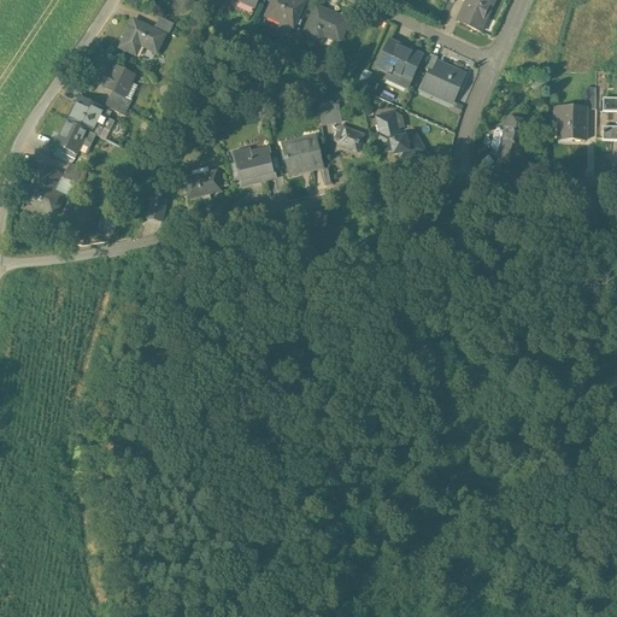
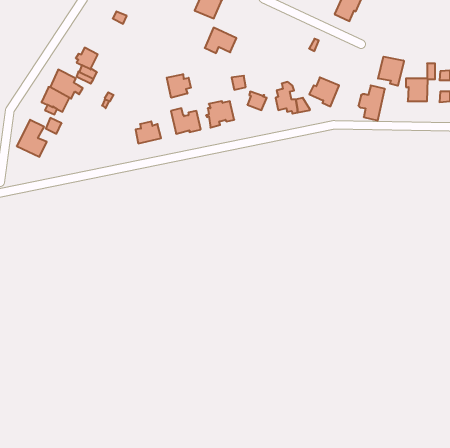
building: [304,6,347,41] -> [205,28,236,53]
building: [121,18,164,53] -> none
building: [378,42,422,88] -> none
building: [423,61,464,101] -> [309,77,339,106]
building: none -> [378,57,404,86]
building: none -> [167,74,191,98]

